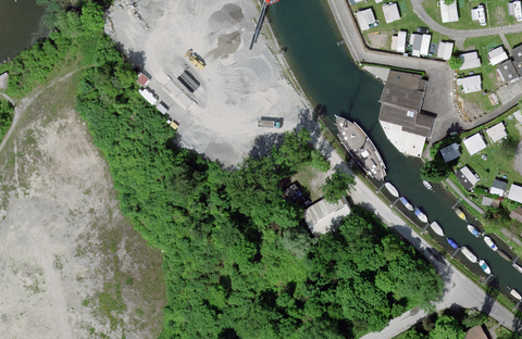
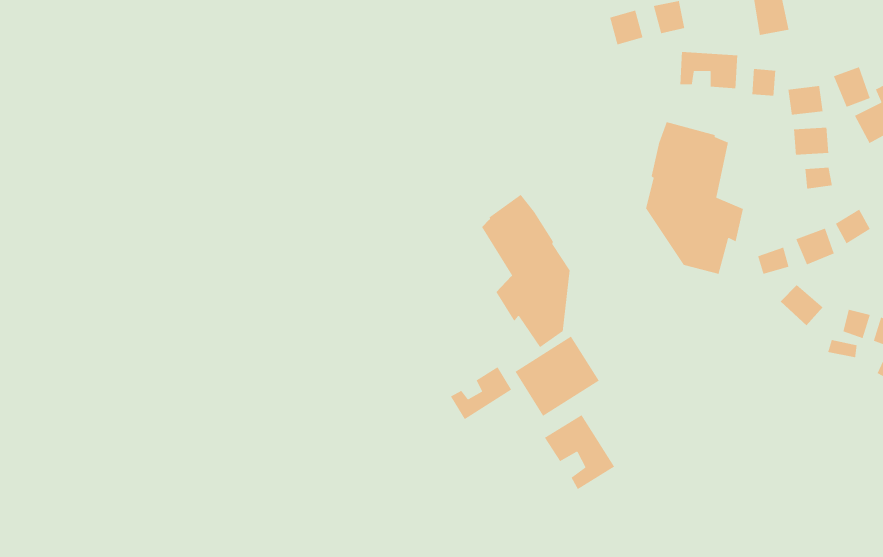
building: none -> [481,194,571,348]
building: none -> [450,366,512,420]
building: none -> [544,414,615,490]

